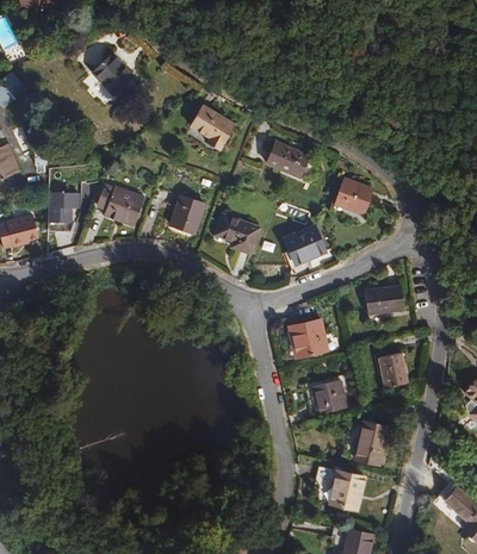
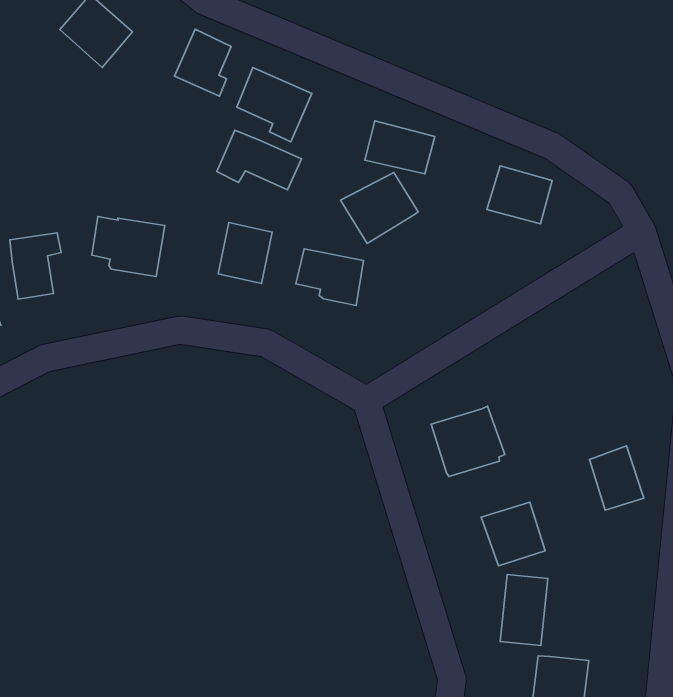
building: none -> [175,29,231,96]
building: none -> [217,130,302,190]
building: [283,226,328,267] -> [341,172,418,243]
building: [366,287,402,313] -> none
building: [354,422,386,466] -> [500,575,548,645]

